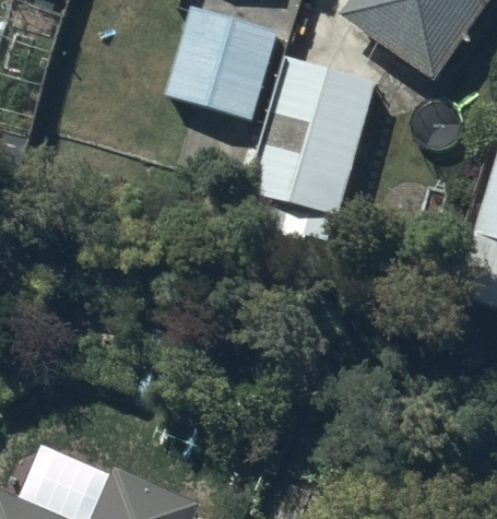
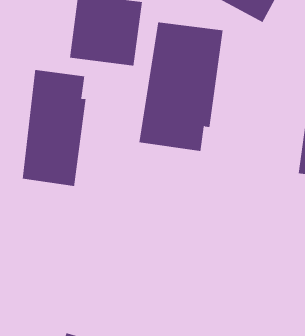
building: none -> [22,69,86,187]

